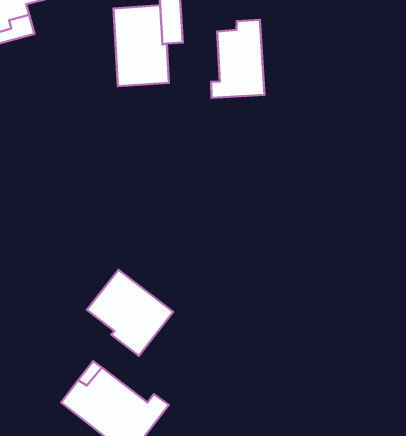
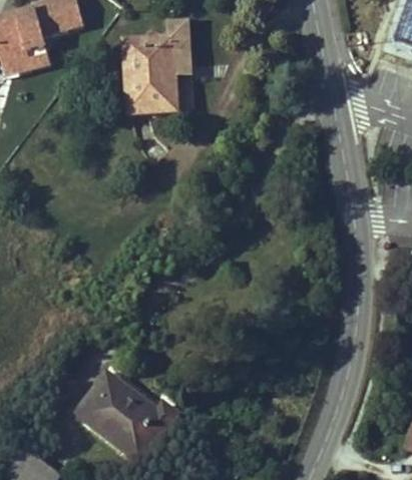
building: [211,20,264,98] -> none
building: [87,270,173,356] -> none

